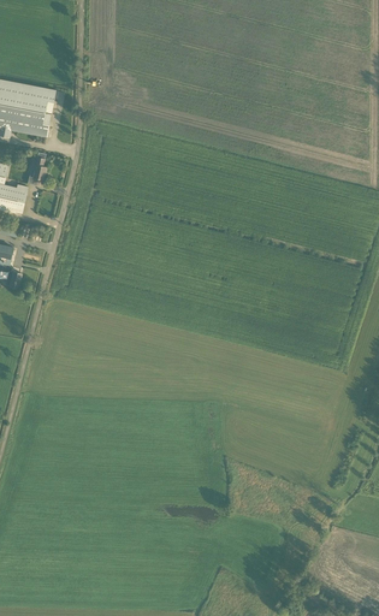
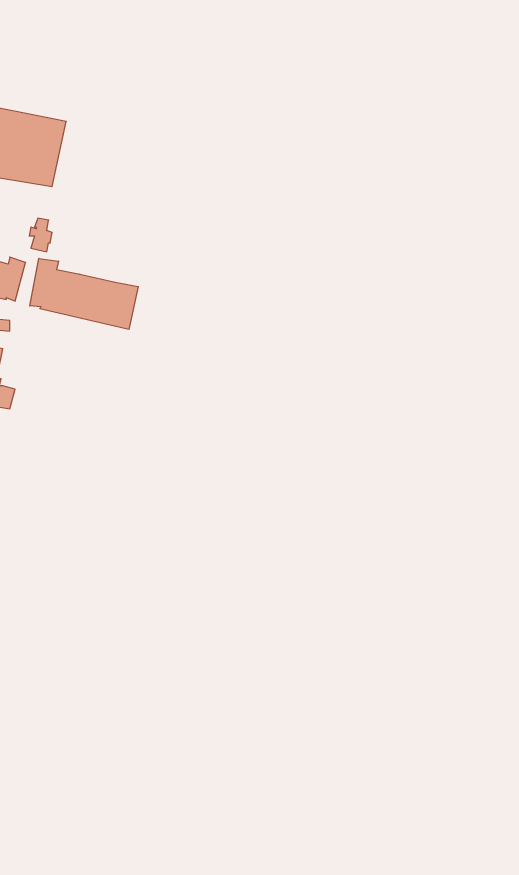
building: none -> [30,258,138,329]

